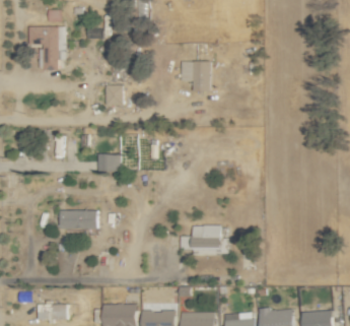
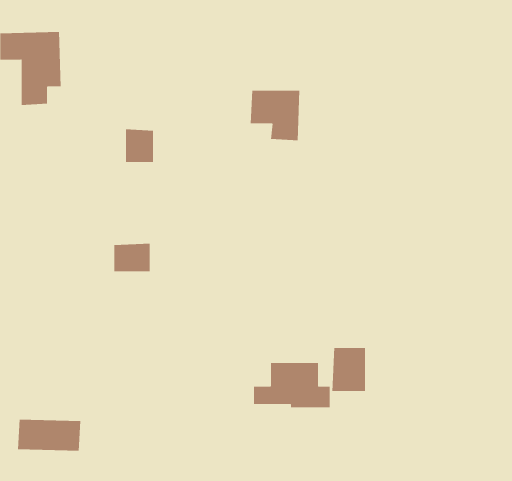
building: [59,210,97,230] -> [17,419,81,451]
building: none -> [332,347,365,392]

